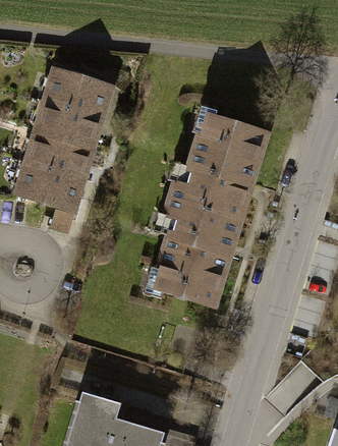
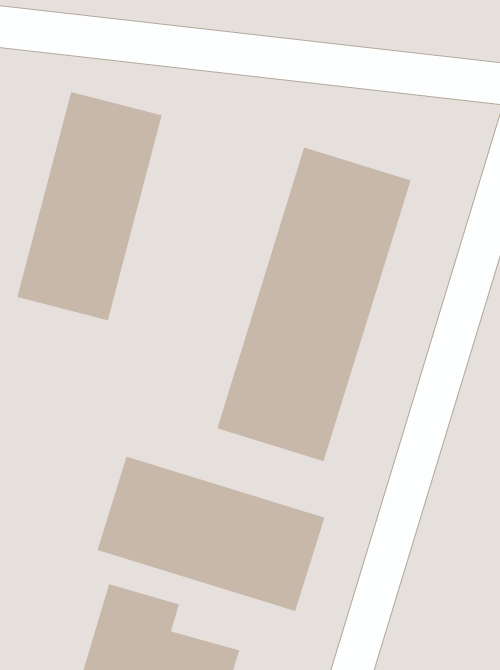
building: none -> [97,456,325,612]

